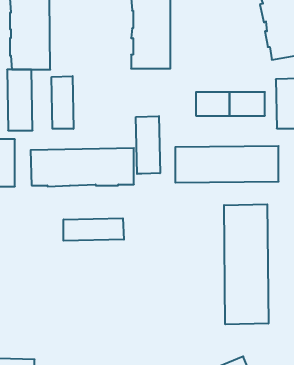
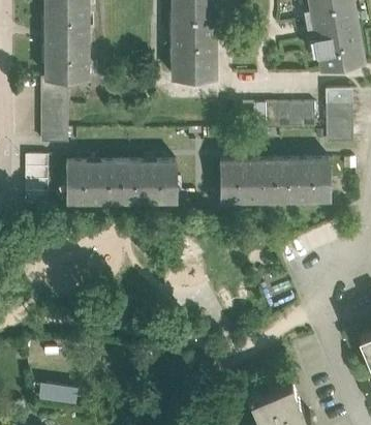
building: [52,76,73,129] -> none
building: [136,116,160,174] -> none
building: [224,204,268,324] -> none
building: [63,218,124,241] -> none

